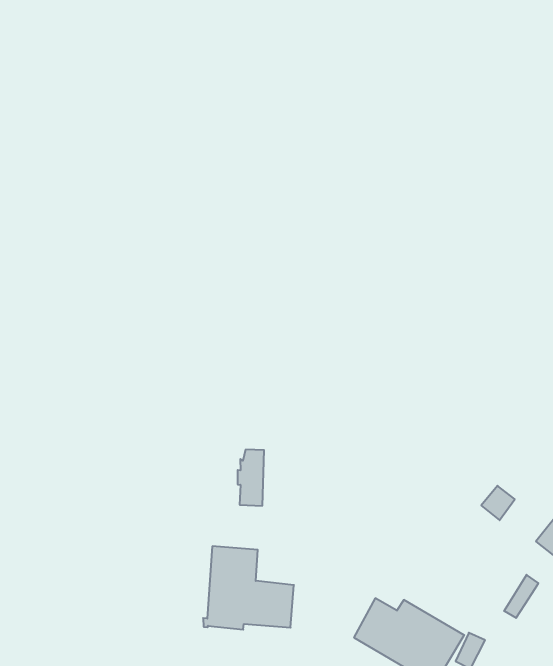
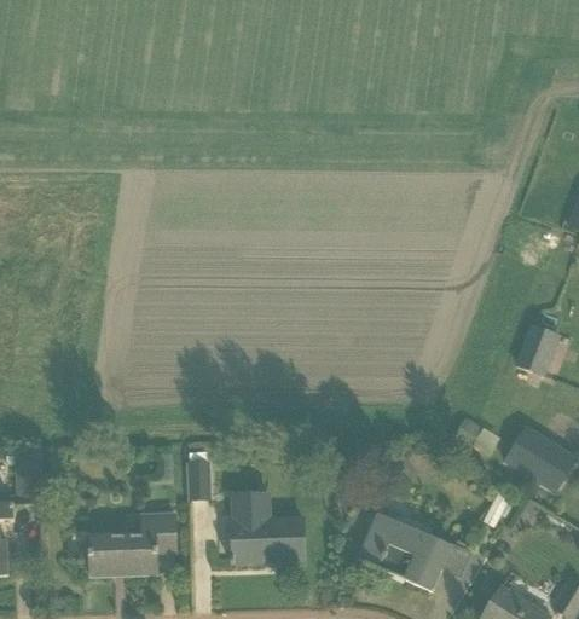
building: [238,450,264,506] -> [186,451,210,499]
building: none -> [89,511,176,575]

